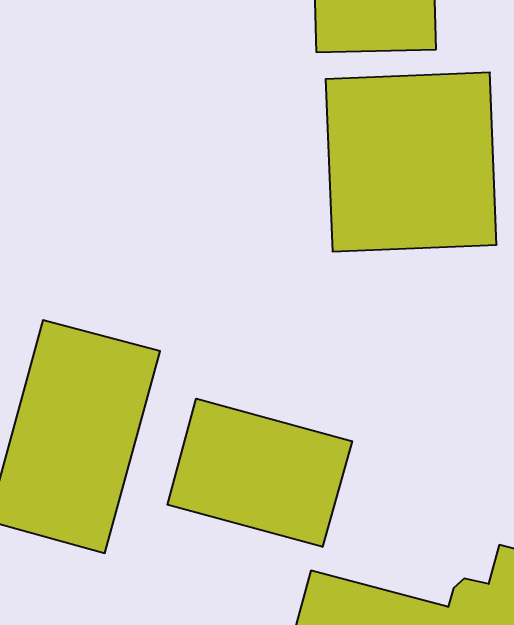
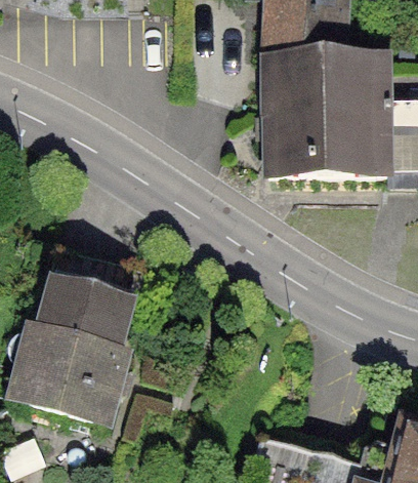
building: [167,399,352,547] -> none

